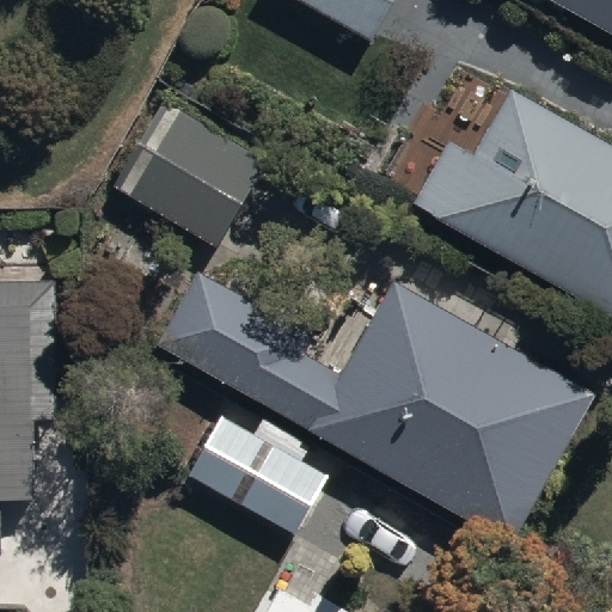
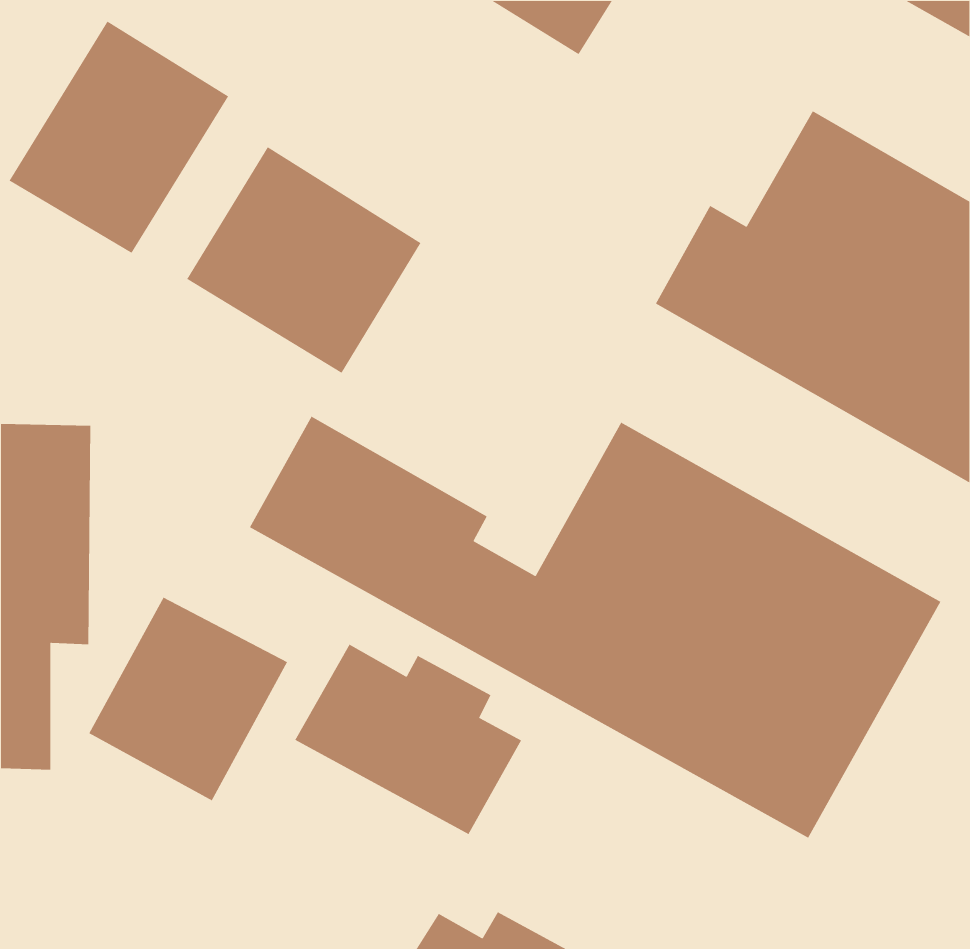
building: none -> [8,20,229,254]
building: none -> [88,596,288,802]

